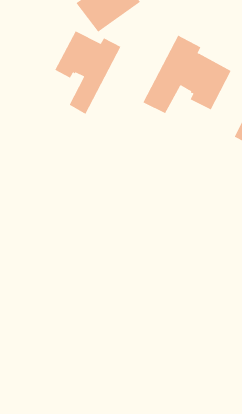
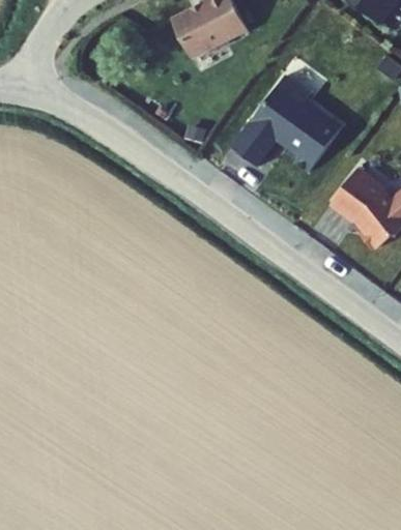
building: [54,30,121,115] -> none

